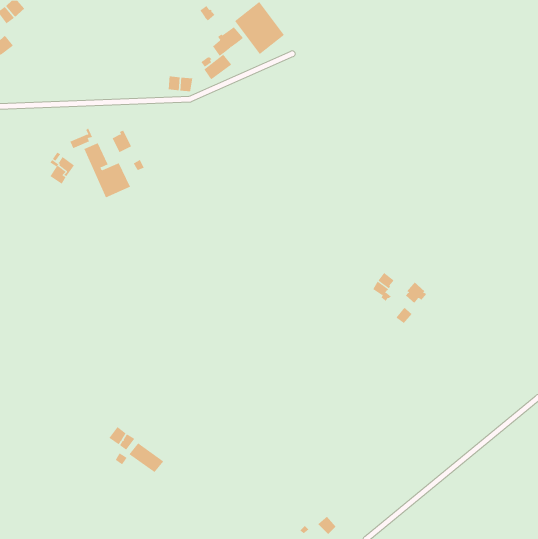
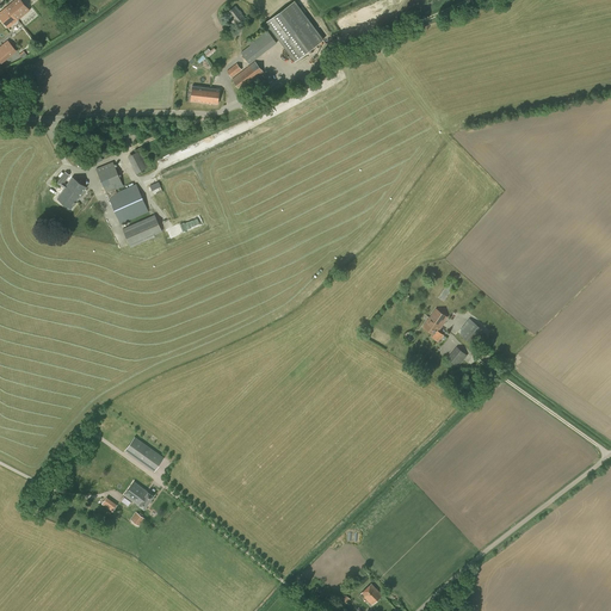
building: none -> [122,216,161,246]
building: [128,442,164,473] -> [123,437,163,471]

